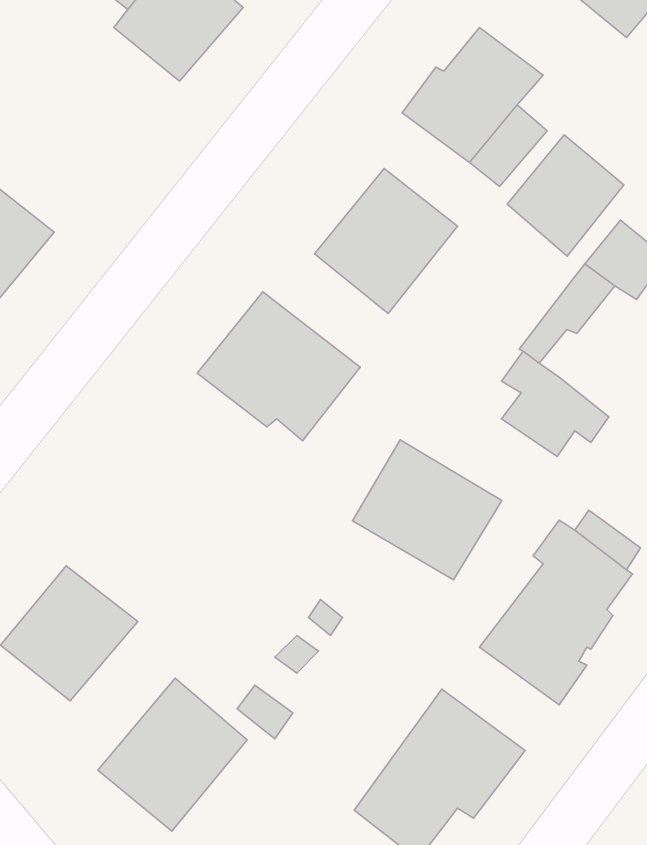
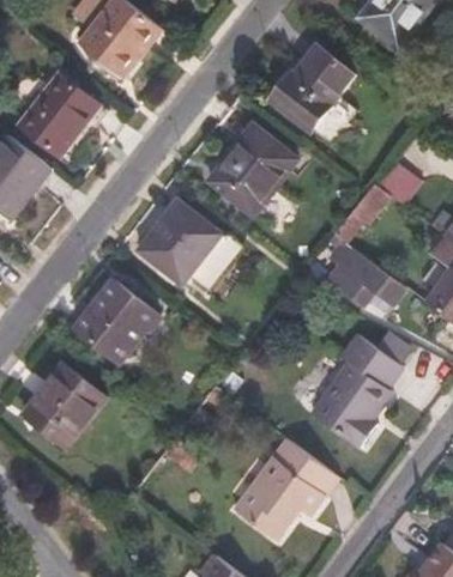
building: none -> [31,78,113,162]
building: [507,135,624,256] -> none
building: none -> [76,285,157,365]
building: [353,440,502,580] -> none
building: [98,678,247,831] -> none

